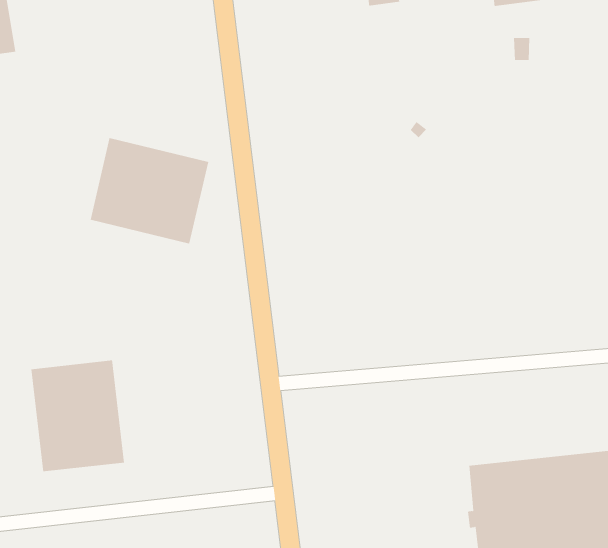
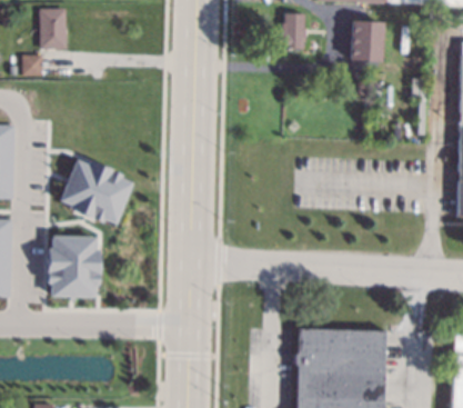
building: [90,137,209,244] -> [59,158,133,227]

